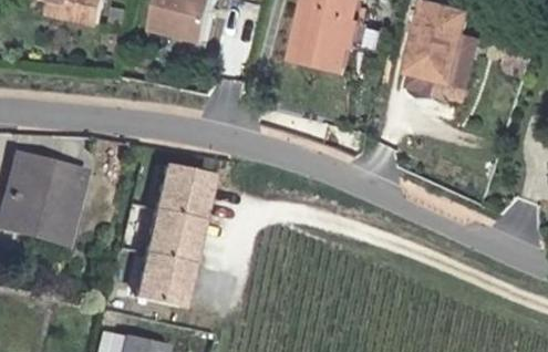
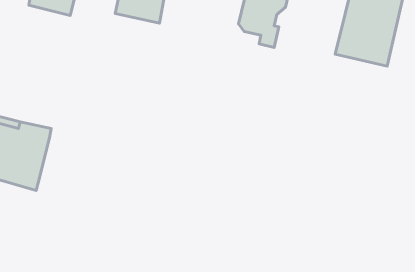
building: [135,154,217,299] -> none

